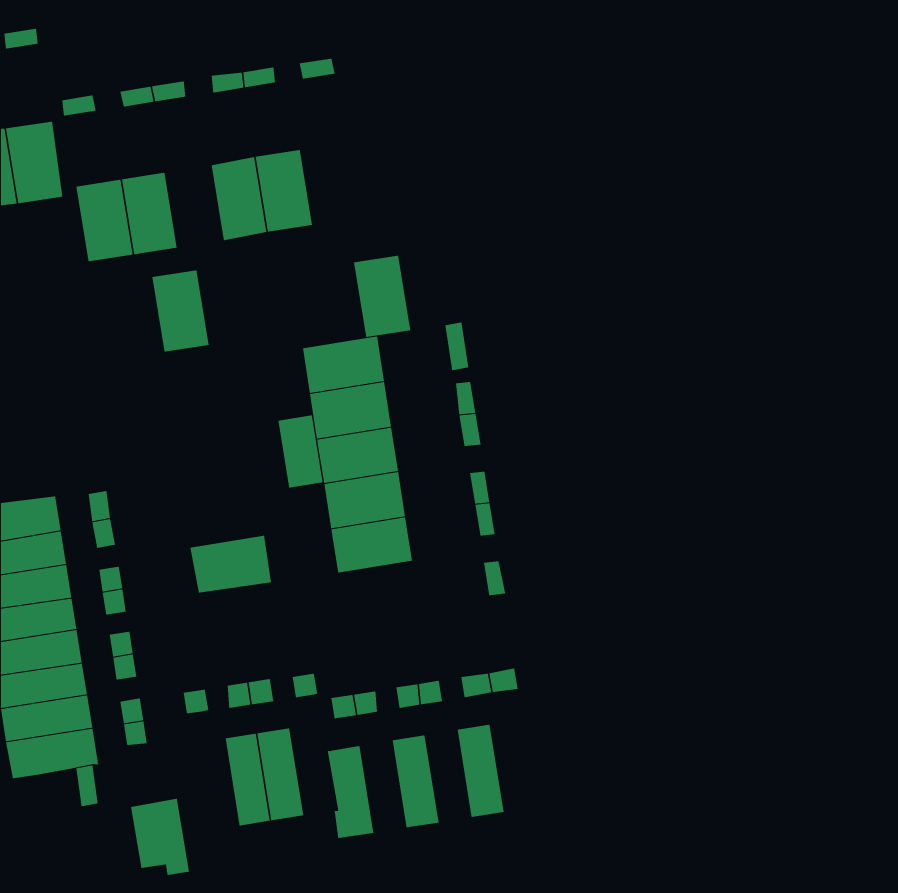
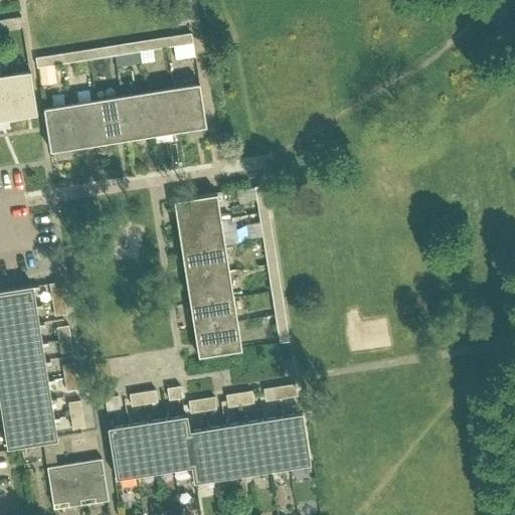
building: [353,255,411,338] -> [172,84,205,132]
building: [152,270,210,352] -> [95,98,128,145]
building: [278,415,323,489] -> none
building: [189,535,272,593] -> [193,324,240,357]
building: none -> [281,414,310,468]
building: none -> [166,416,193,470]
building: none -> [243,420,270,474]
building: none -> [108,425,137,479]
building: none -> [206,426,232,480]
building: none -> [47,465,81,510]

